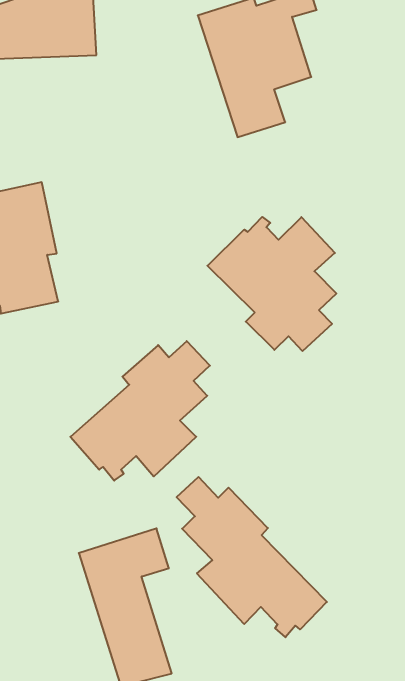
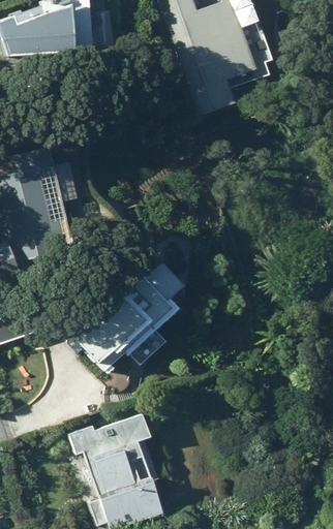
building: [207,217,336,351] -> none
building: [177,477,327,637] -> none

